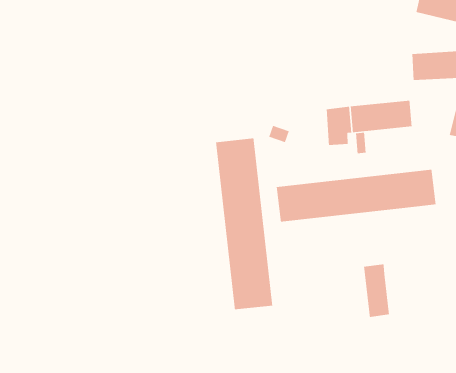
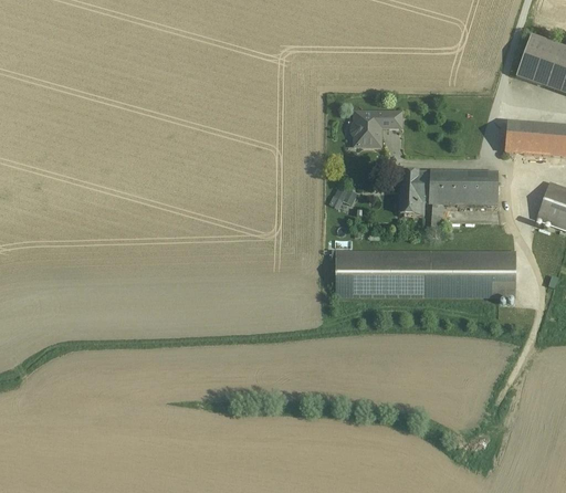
building: none -> [352,112,401,146]
building: [215,138,273,310] -> none
building: [363,263,390,318] -> none

